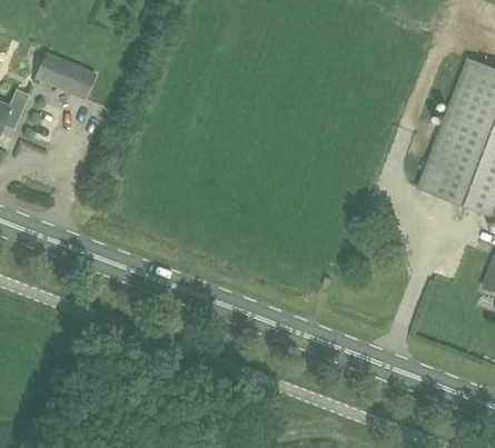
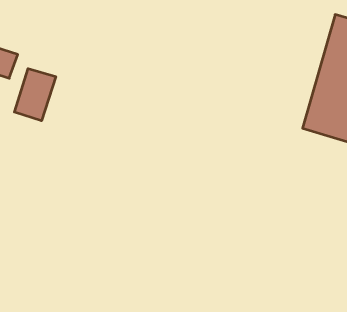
building: none -> [14,69,56,121]

